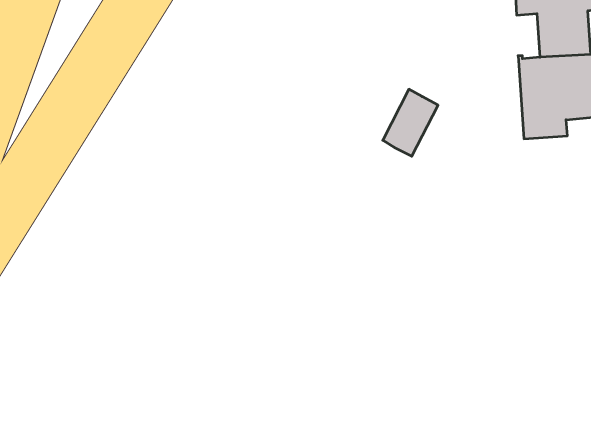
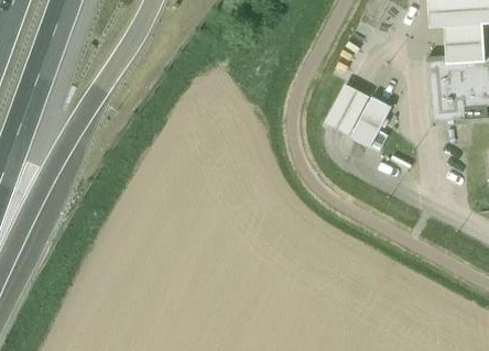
building: none -> [351,96,392,147]

